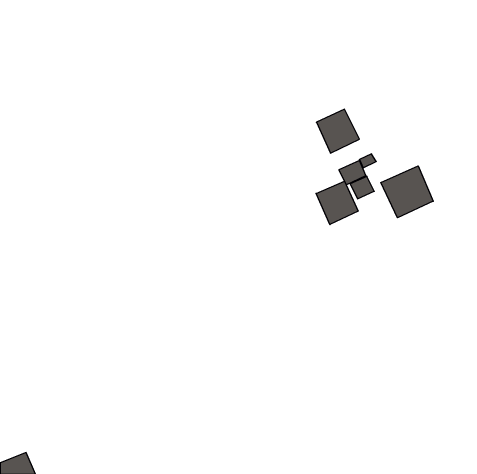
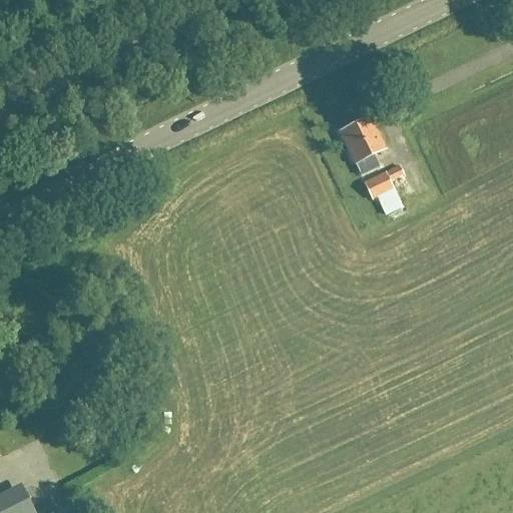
building: [381,166,433,218] -> none
building: [316,181,358,225] -> none

